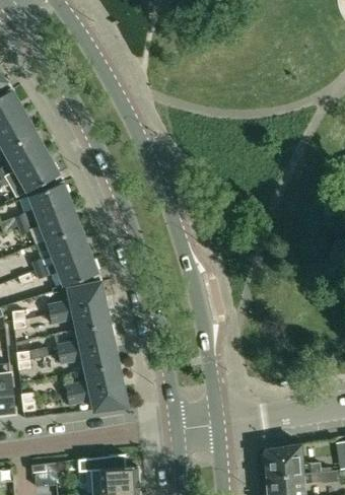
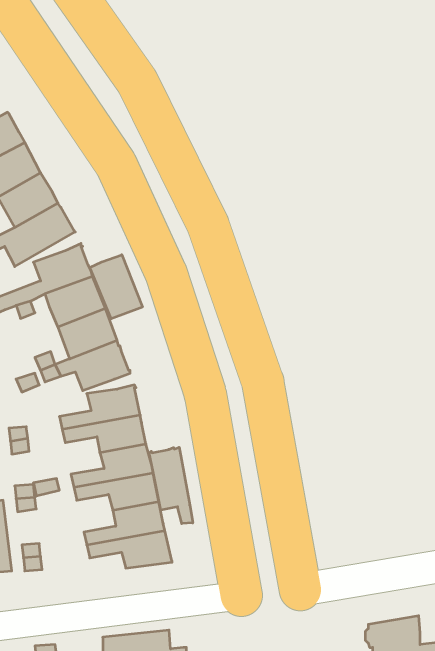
building: none -> [90,255,142,319]
building: none -> [149,447,193,524]

